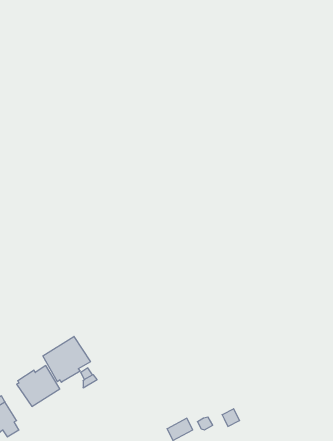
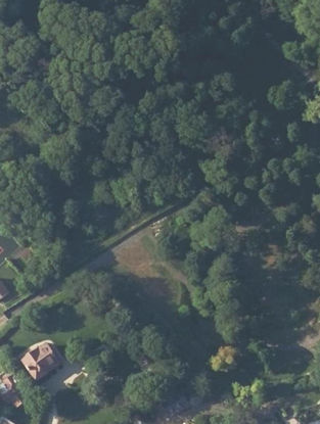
building: [43,336,90,382] -> none

